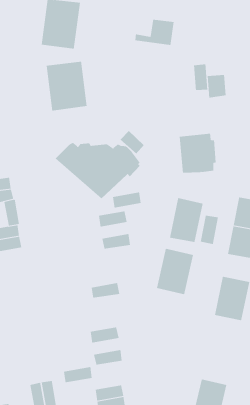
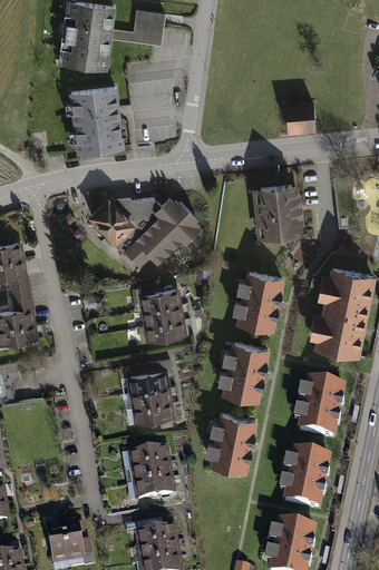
building: [134,19,174,45] -> [111,10,166,46]
building: [194,64,208,91] -> none
building: [119,130,144,154] -> none
building: [112,192,142,208] -> [142,305,182,327]
building: [200,215,218,245] -> none
building: none -> [126,372,166,394]
building: none -> [132,403,172,424]
building: none -> [207,413,255,473]
building: none -> [285,449,331,509]
building: [63,367,93,383] -> [130,463,171,485]

